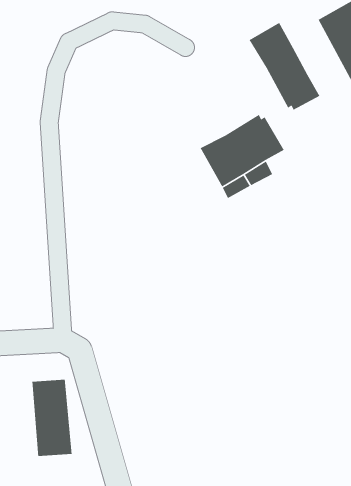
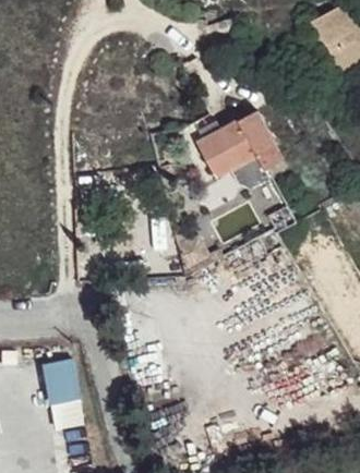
building: [248,22,320,111] -> none

